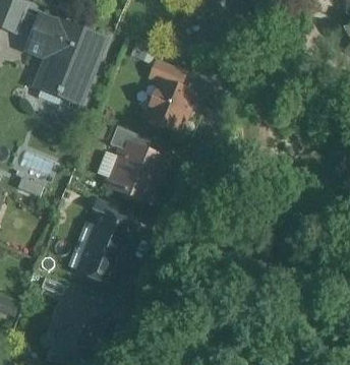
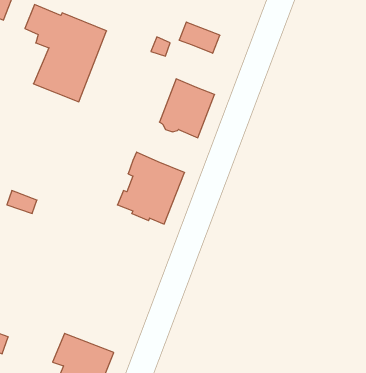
building: [150,61,184,87] -> [179,22,220,53]
building: [109,125,150,150] -> none
building: [78,212,135,285] -> none

